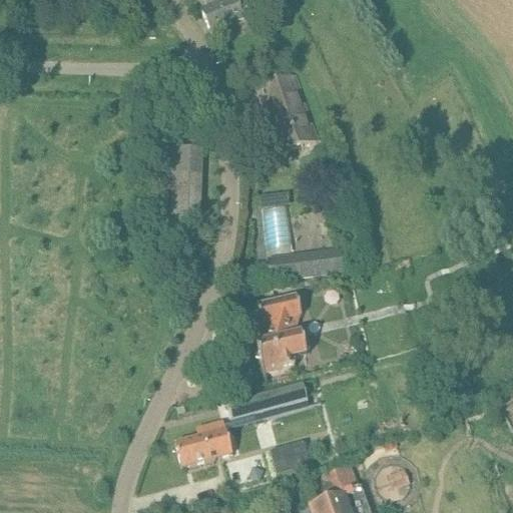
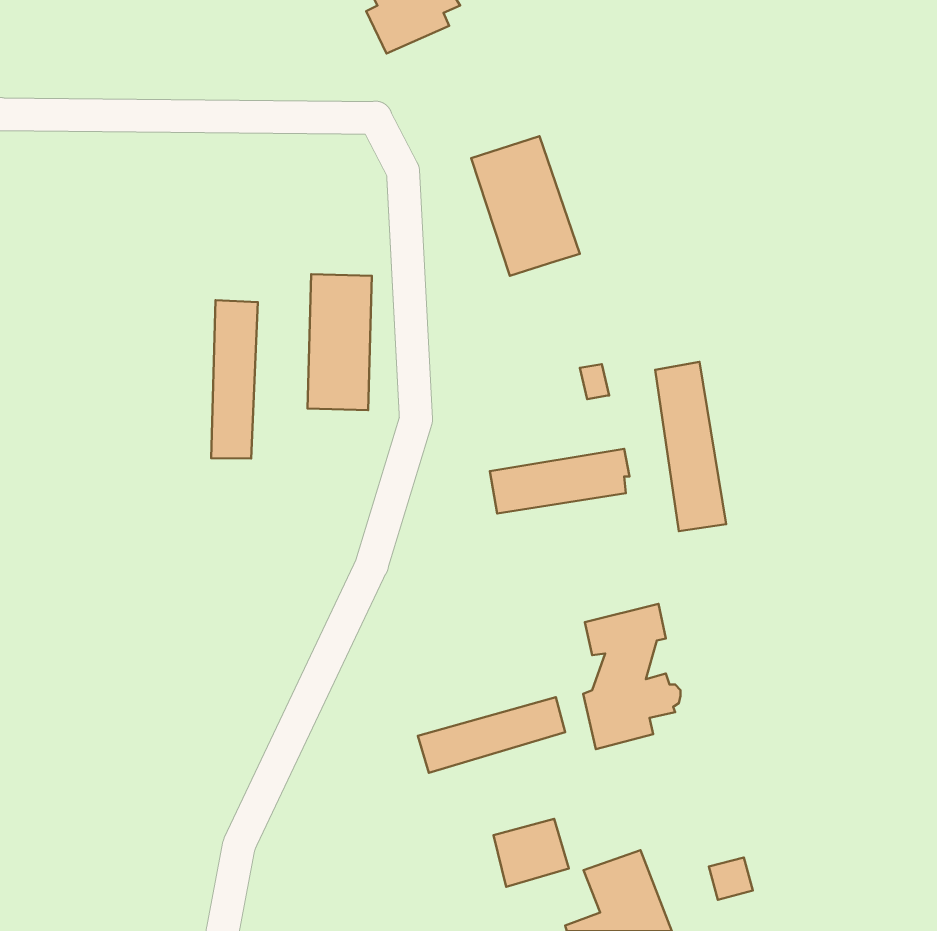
building: none -> [211,300,258,459]
building: none -> [655,362,726,531]
building: [258,294,311,373] -> [583,604,681,749]
building: [176,420,232,466] -> none

